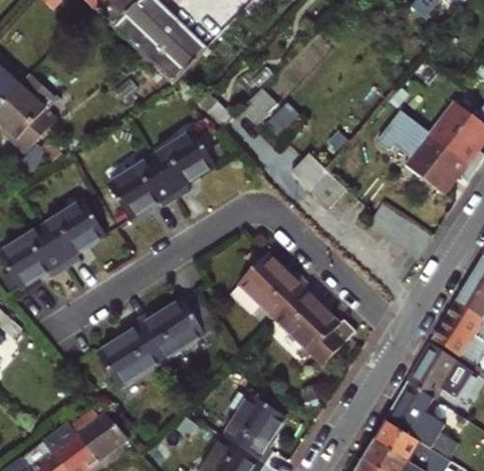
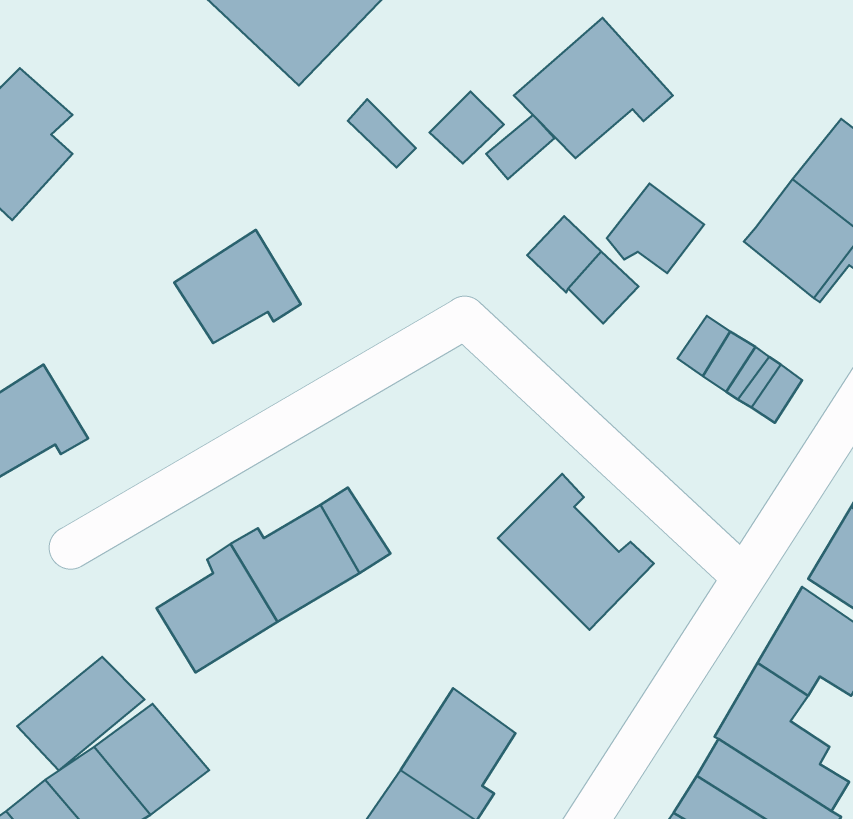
building: none -> [514,18,673,158]
building: [376,111,426,158] -> [607,184,704,273]
building: [150,132,213,197] -> none
building: [40,201,103,266] -> none
building: [239,253,307,317] -> none
building: none -> [17,657,145,771]

